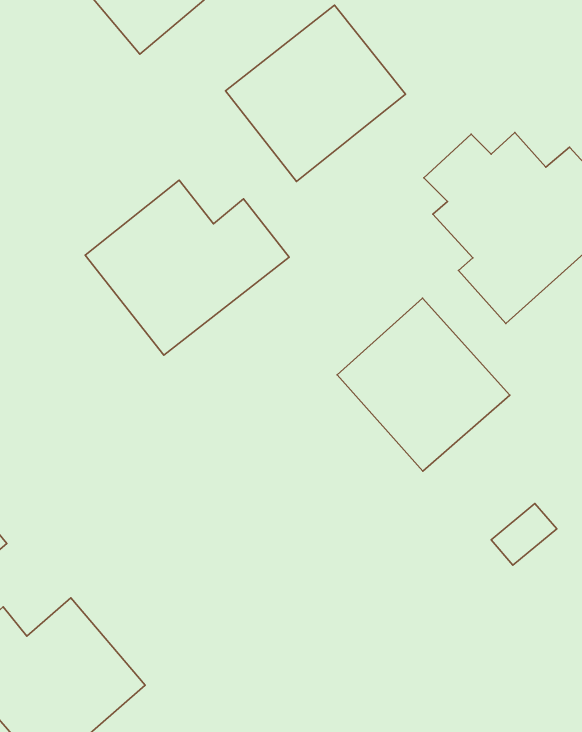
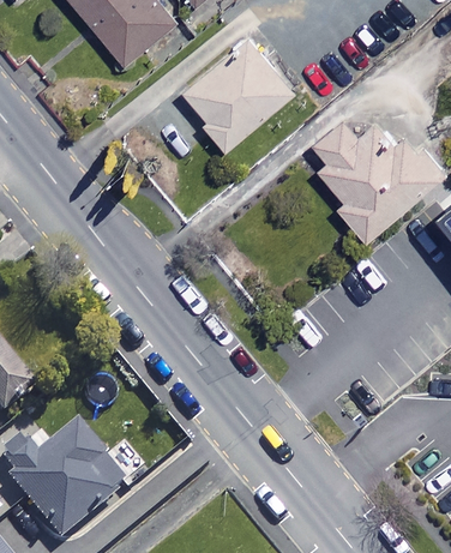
building: [85,180,289,355] -> none
building: [337,298,510,471] -> none

